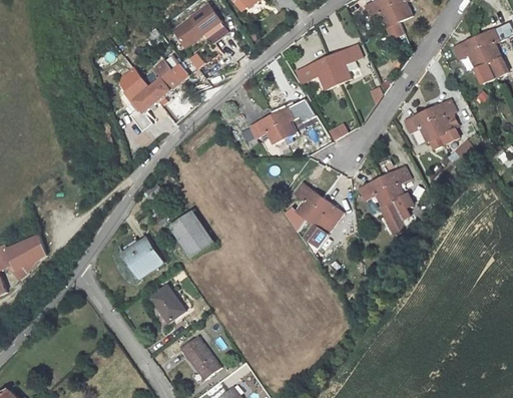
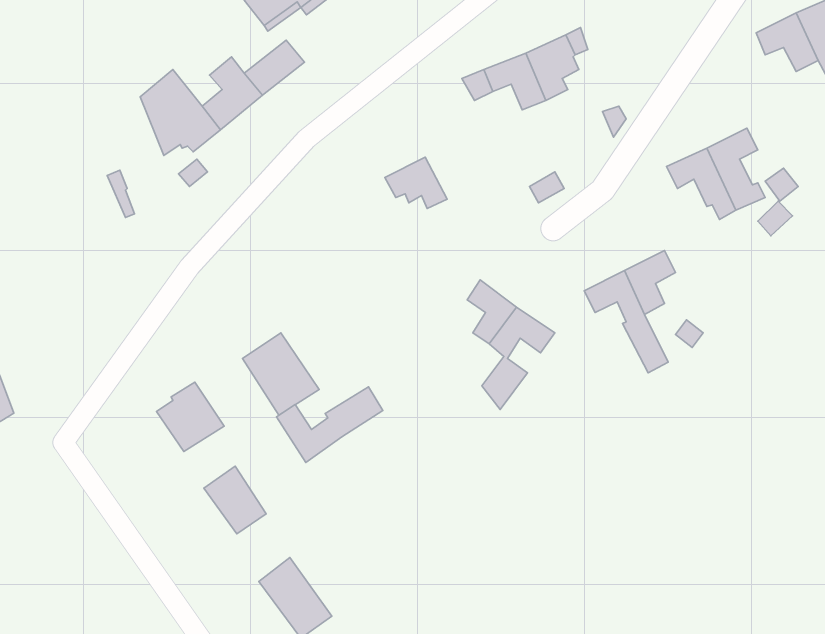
building: [272,103,301,138] -> none
building: none -> [276,387,383,463]

